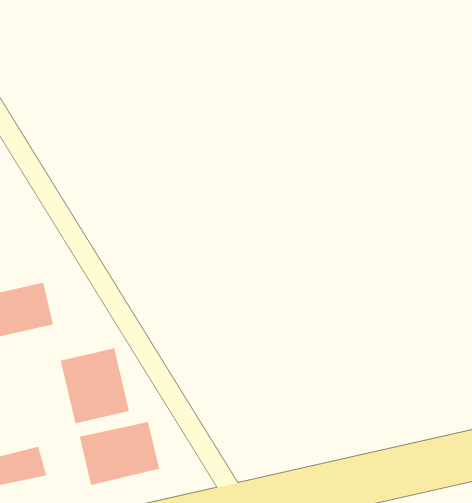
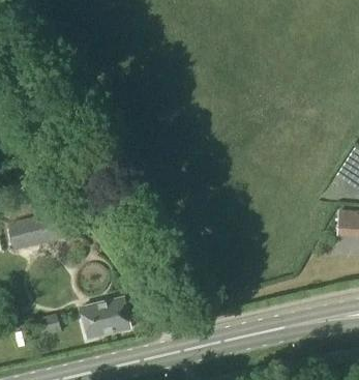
building: [60,348,130,424] -> none

